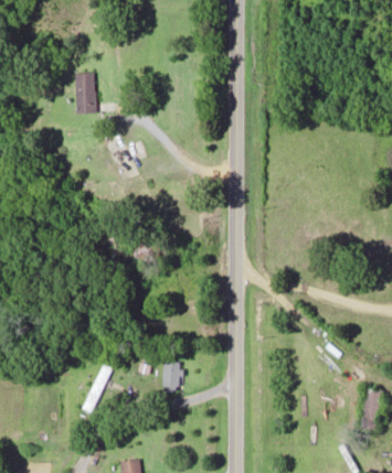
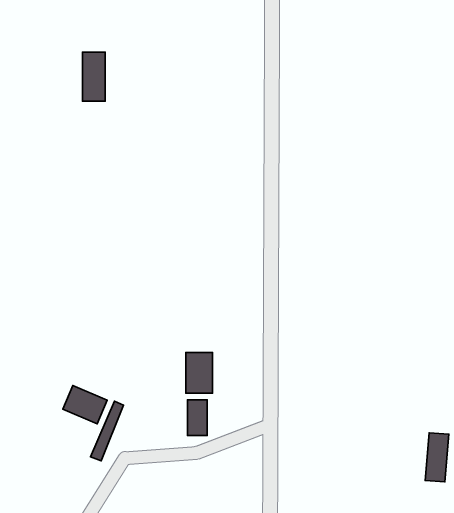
building: none -> [186,353,213,393]
building: none -> [63,385,107,424]

